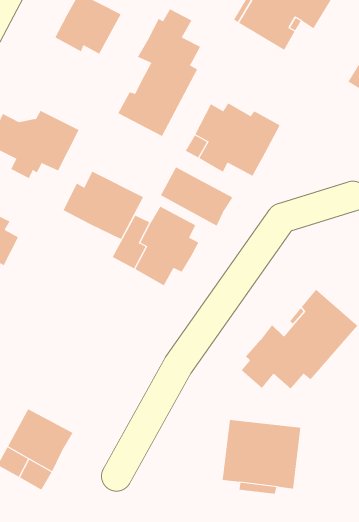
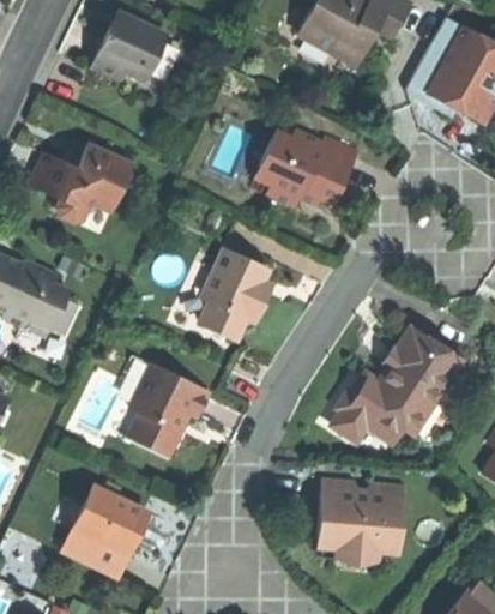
building: [117,8,201,137] -> none
building: [160,166,233,226] -> none
building: [63,171,144,240] -> none
building: none -> [129,361,211,450]

